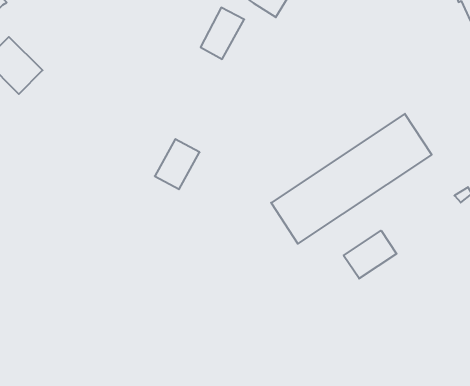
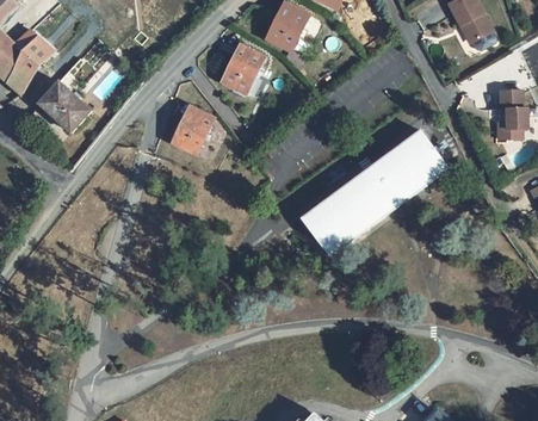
building: [155,139,200,189] -> [175,106,215,151]
building: [344,231,397,279] -> none

